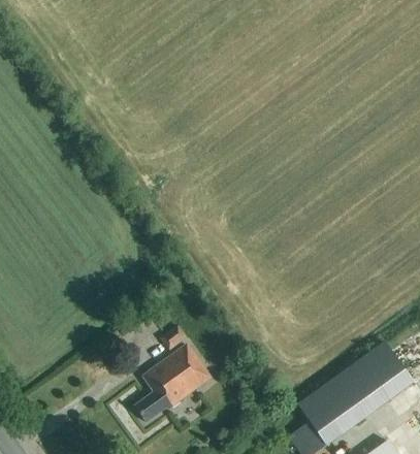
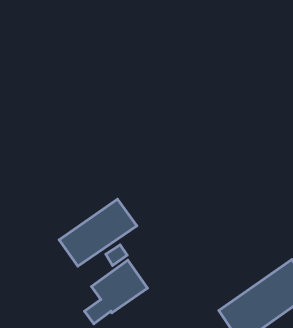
building: none -> [59,199,137,266]

